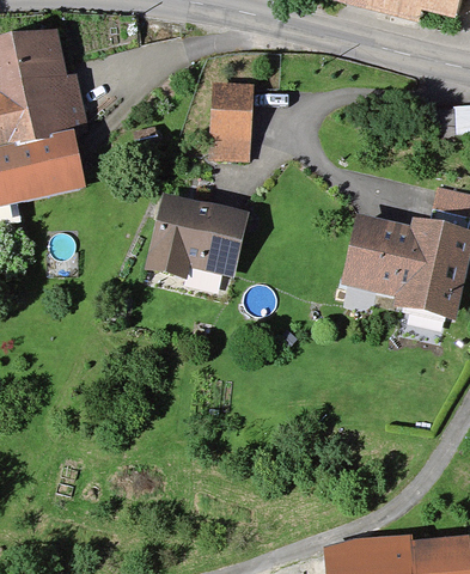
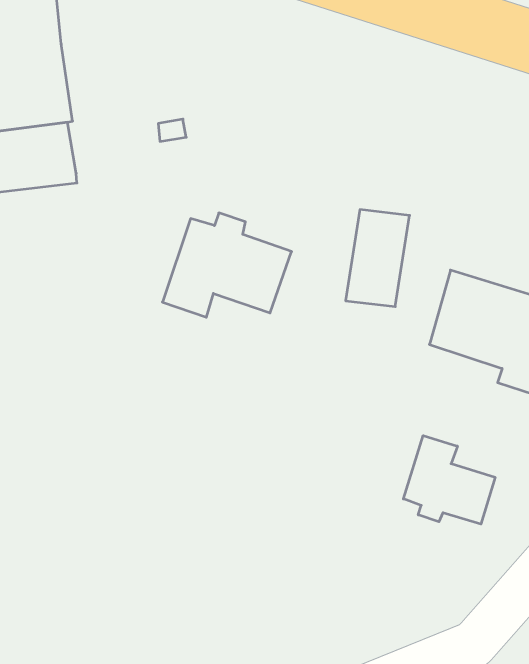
building: [210,90,252,159] -> [346,210,410,307]
building: none -> [403,436,495,524]

